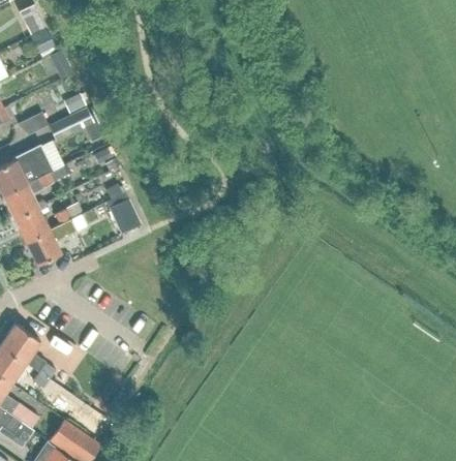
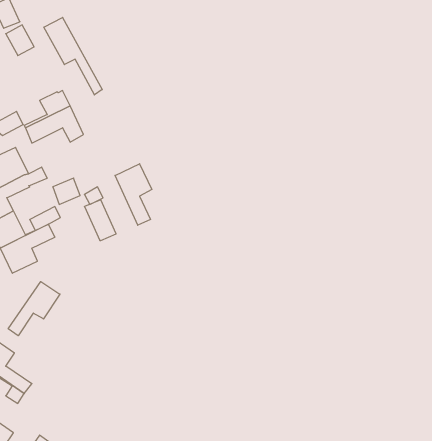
building: none -> [44,17,102,95]
building: none -> [115,164,152,225]
building: none -> [8,282,60,336]

